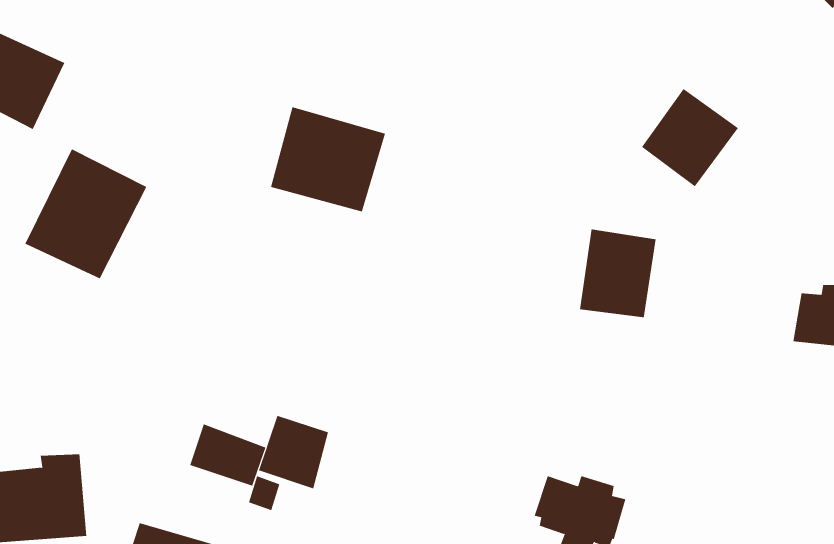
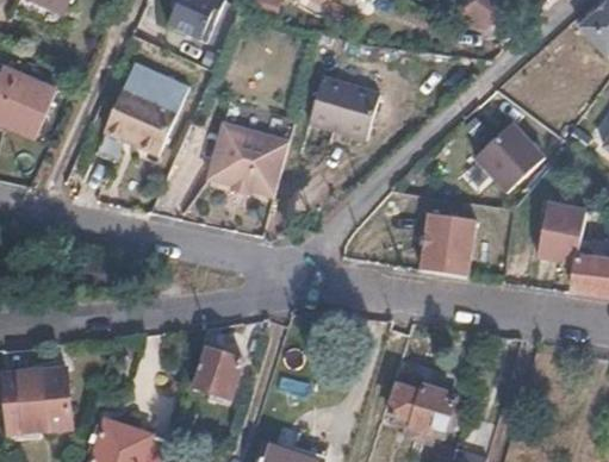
building: none -> [306,75,377,137]
building: [24,148,147,279] -> [97,64,184,157]
building: none -> [539,202,588,261]
building: [189,423,266,486] -> none

